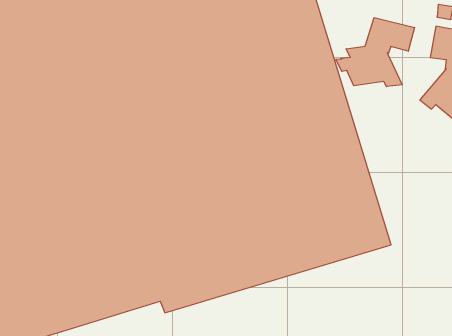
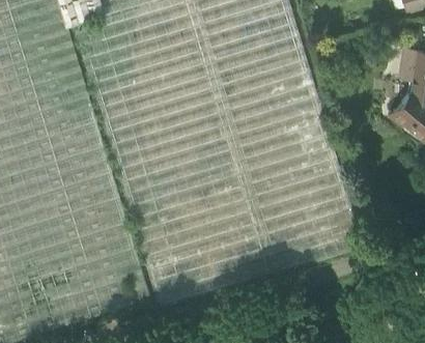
building: [336,18,415,87] -> none

